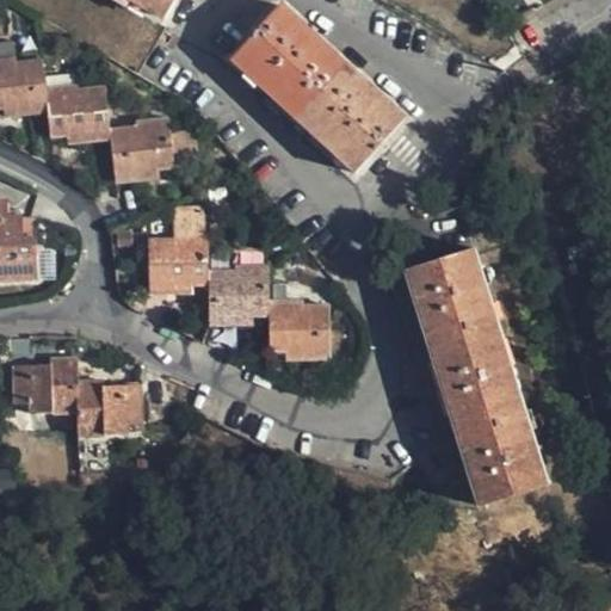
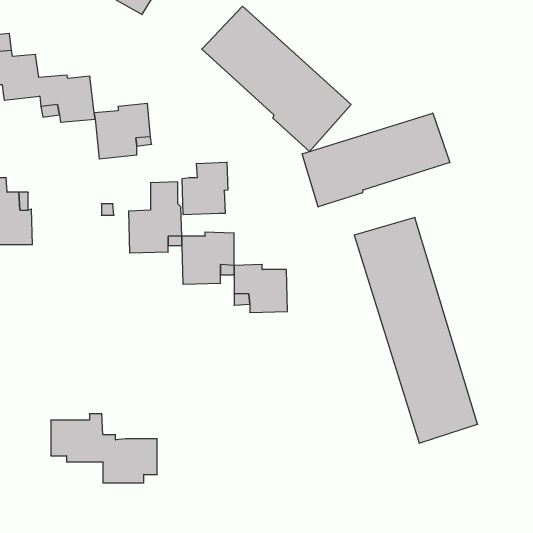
building: none -> [302,113,450,207]
building: none -> [182,162,228,215]
building: [23,358,144,437] -> [51,414,157,483]

